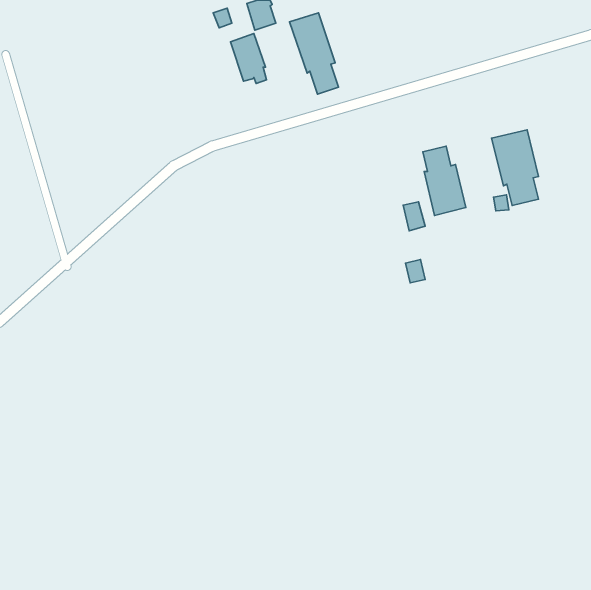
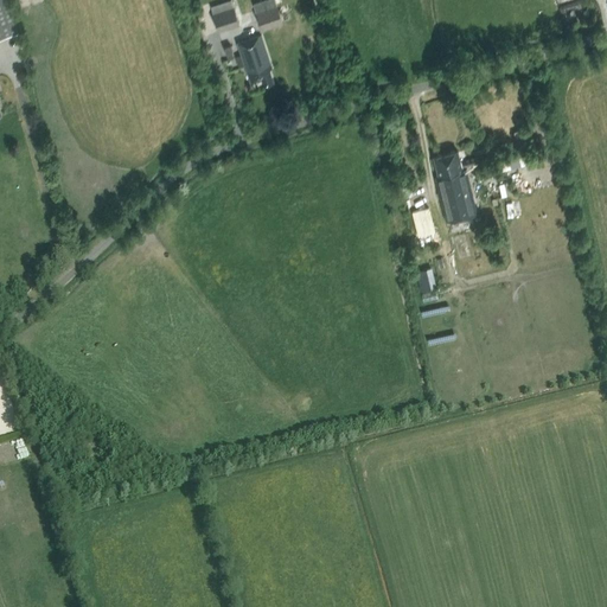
building: [290,13,339,94] -> none
building: [491,130,539,205] -> none

